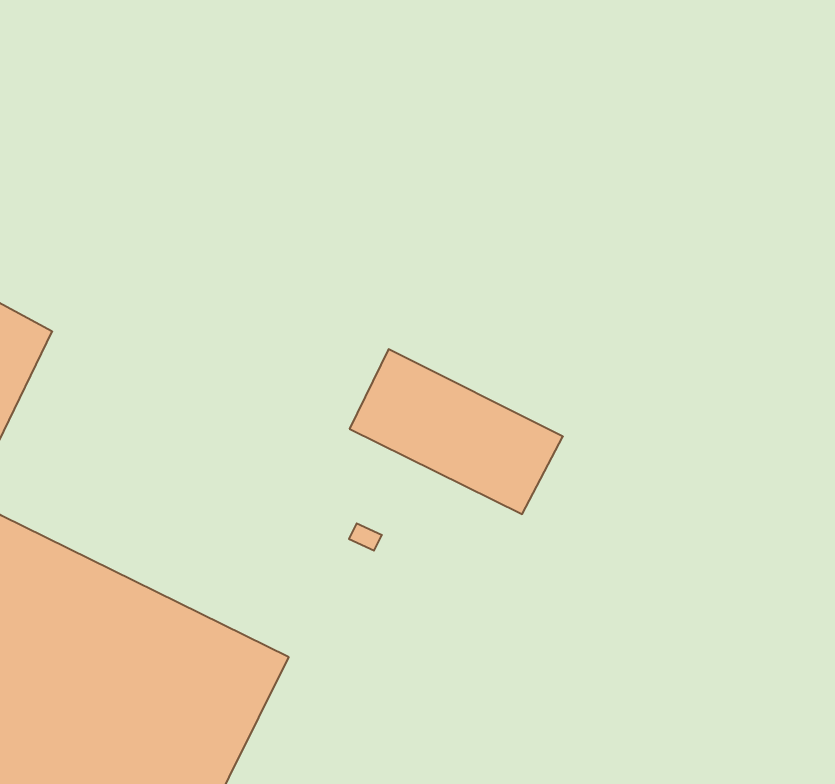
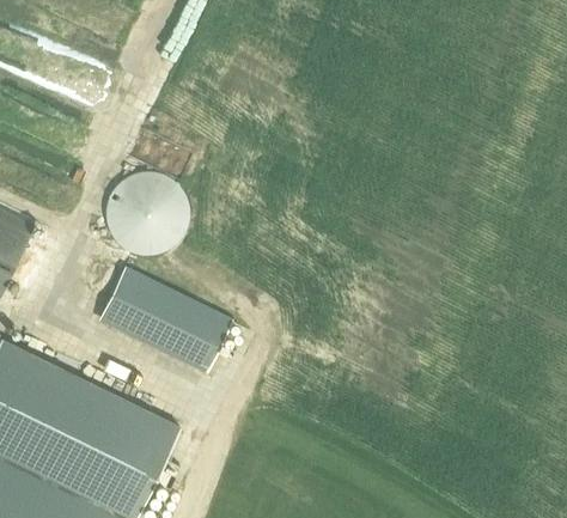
building: none -> [99,165,173,252]
building: [350,349,563,514] -> [97,269,228,371]

